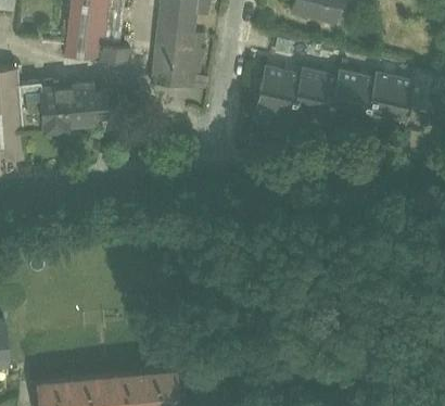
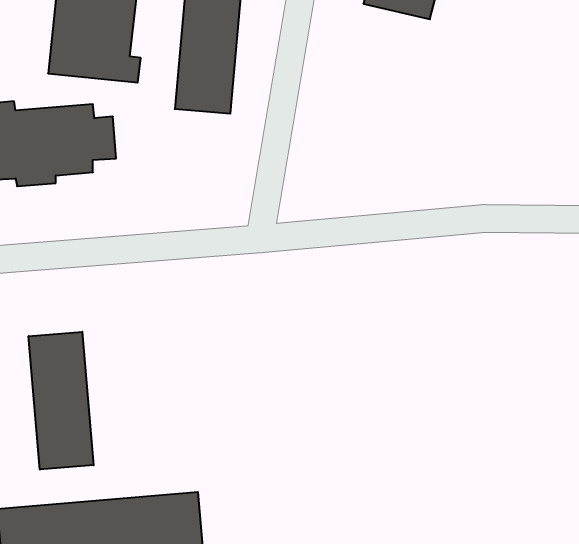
building: [254,64,408,113] -> none
building: none -> [29,332,94,470]

